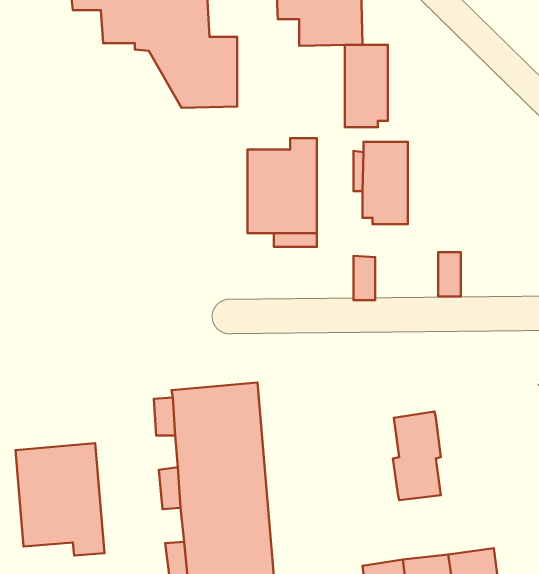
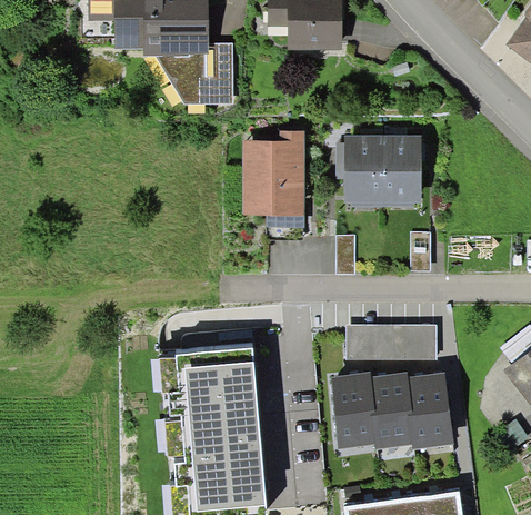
building: [345,45,388,127] -> [384,135,422,207]
building: none -> [347,324,437,359]
building: none -> [330,372,377,449]
building: none -> [409,373,455,449]
building: [15,443,104,556] -> none

